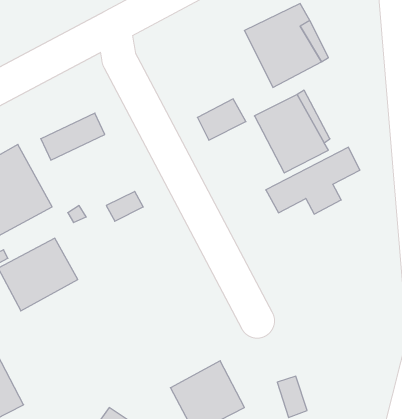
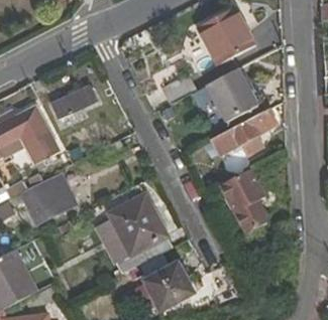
building: none -> [215,171,262,237]
building: none -> [105,191,174,269]

